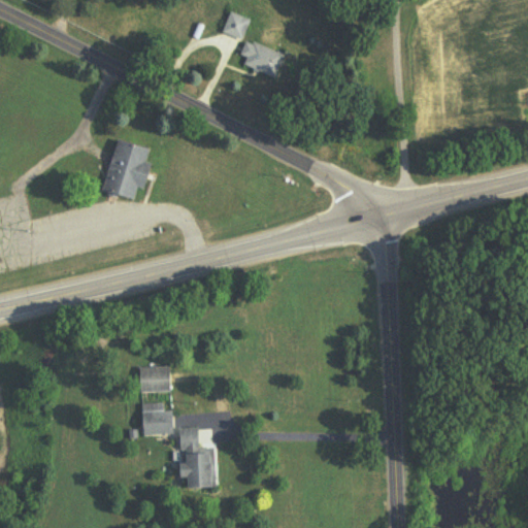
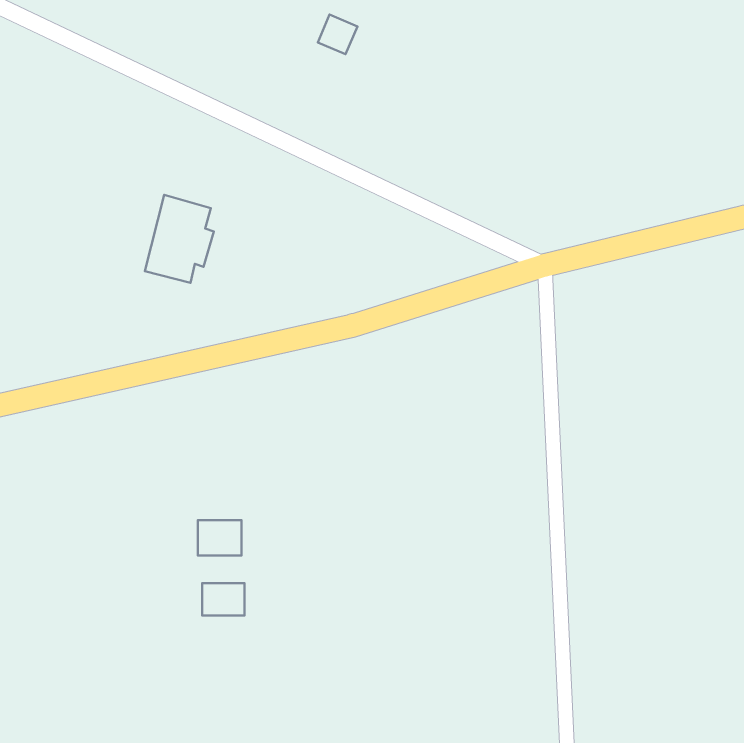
building: [241,37,286,76] -> none
building: [178,427,214,487] -> none

